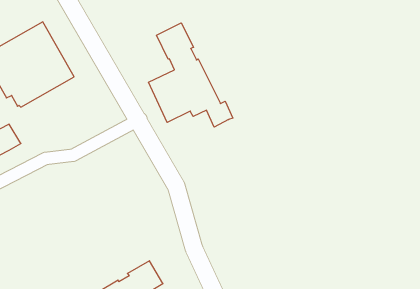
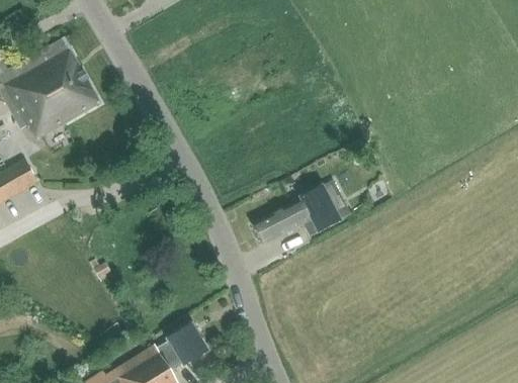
building: [148,23,233,127] -> none
building: none -> [250,185,340,246]

